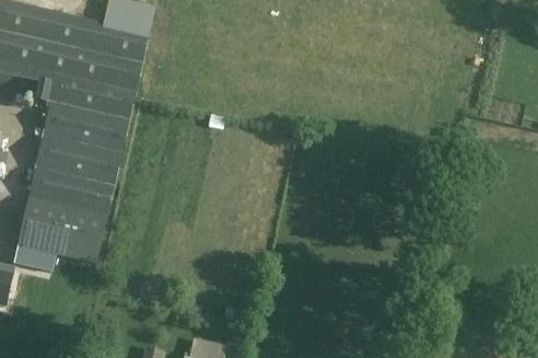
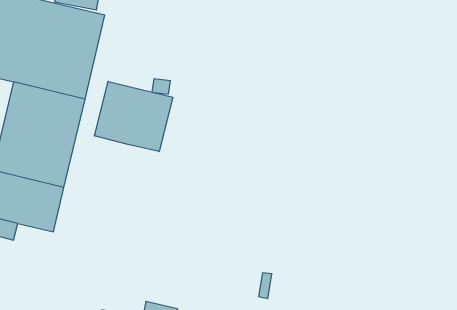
building: none -> [95,81,173,152]

